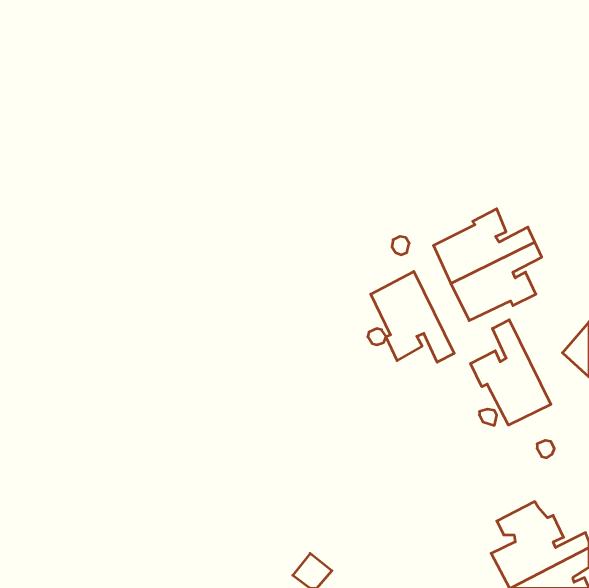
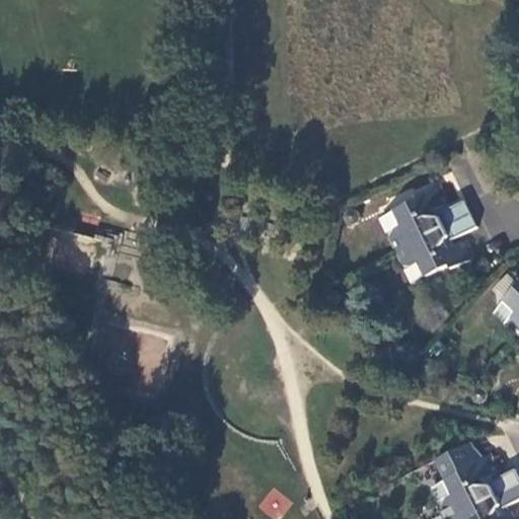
building: [371,271,454,362] -> none
building: [471,320,551,425] -> none

